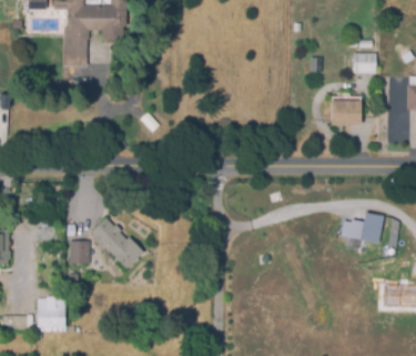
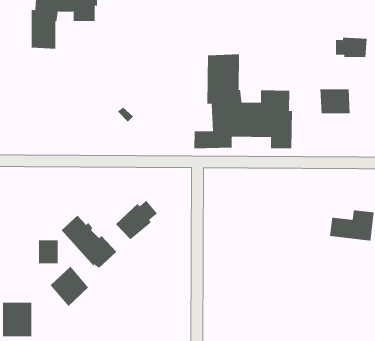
building: none -> [194,54,292,149]
building: none -> [115,200,158,240]
building: none -> [50,266,89,307]

